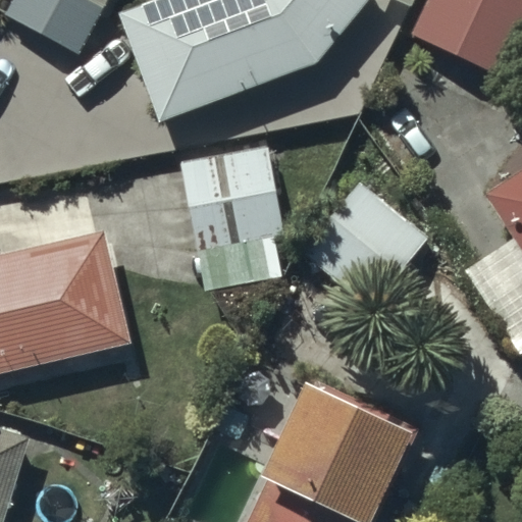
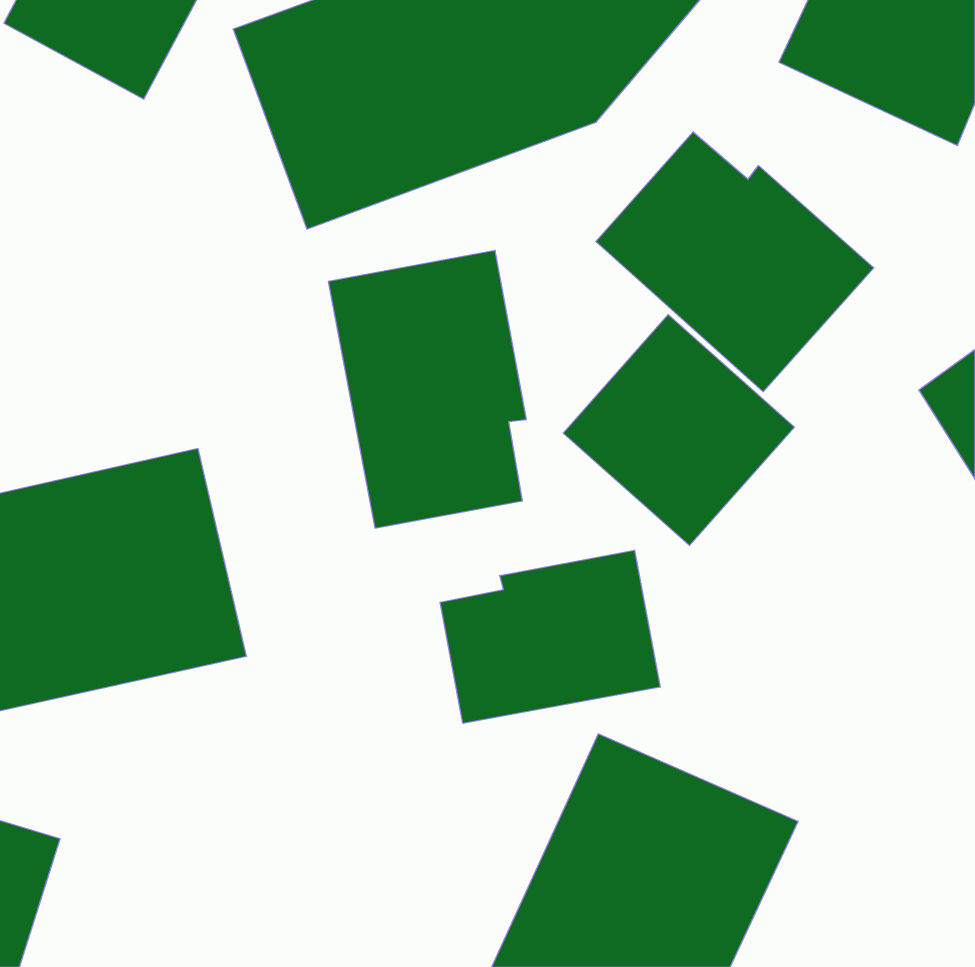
building: none -> [596,132,874,392]
building: none -> [440,550,660,723]

